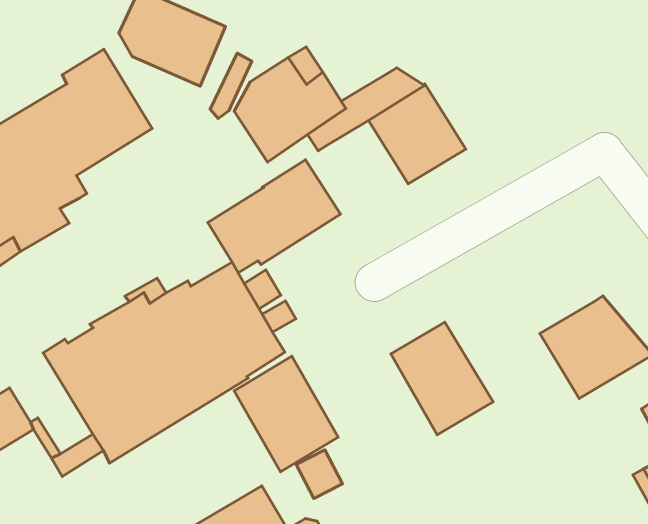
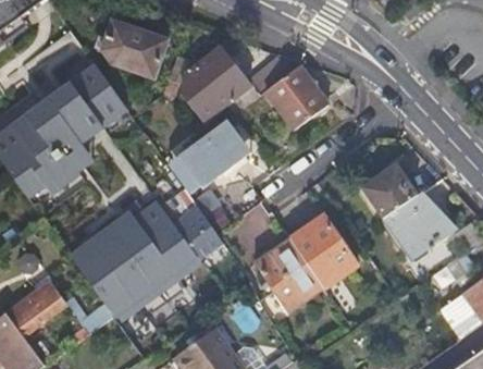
building: none -> [362,165,417,218]
building: [234,356,338,472] -> [256,238,324,312]

